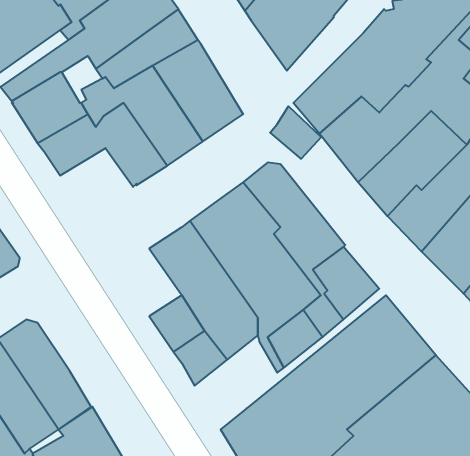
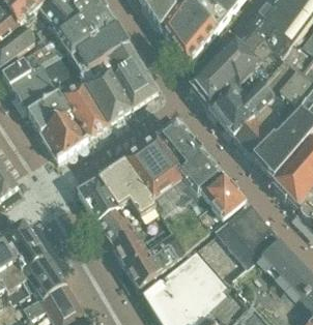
building: [270,106,321,159] -> none
building: none -> [41,112,88,157]
building: none -> [78,176,119,219]
building: none -> [127,232,180,287]

